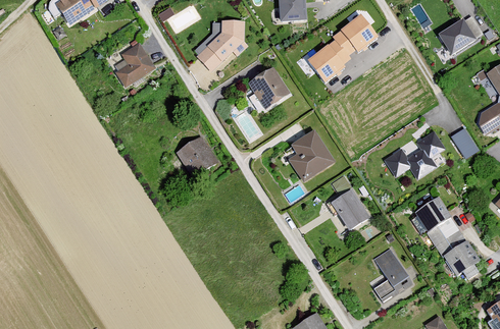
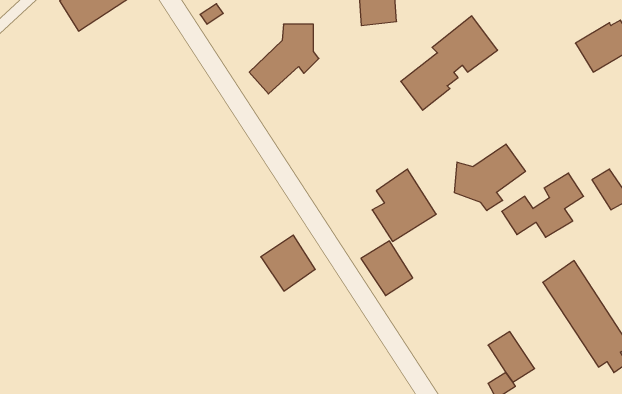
building: [114,43,155,88] -> none
building: [246,66,289,109] -> none
building: none -> [454,144,525,211]
building: [176,136,216,178] -> [261,235,315,291]
building: [330,189,368,230] -> [361,241,413,296]

